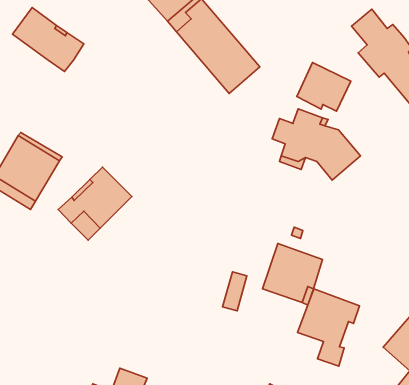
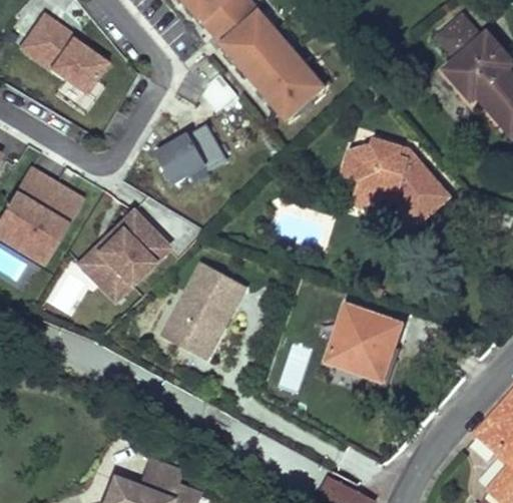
building: [297,62,351,111] -> none
building: none -> [155,124,227,184]
building: none -> [158,271,238,363]
building: [297,289,360,366] -> none

